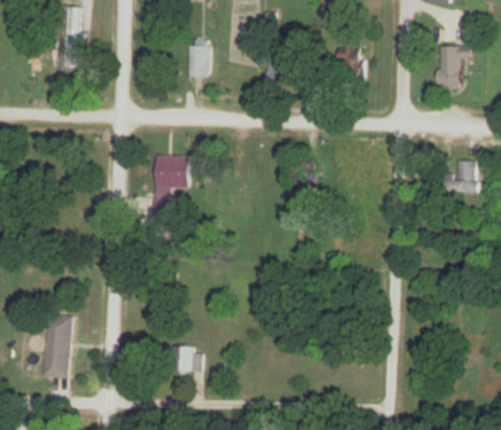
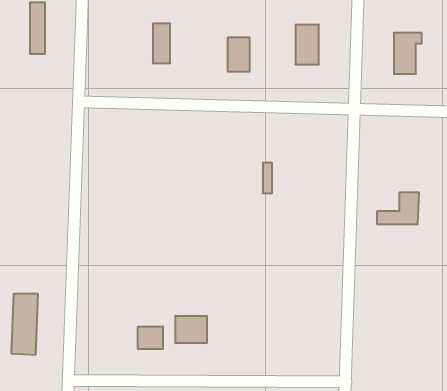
building: [155,155,190,193] -> none
building: [432,161,476,193] -> [377,193,419,224]
building: none -> [175,316,207,343]

